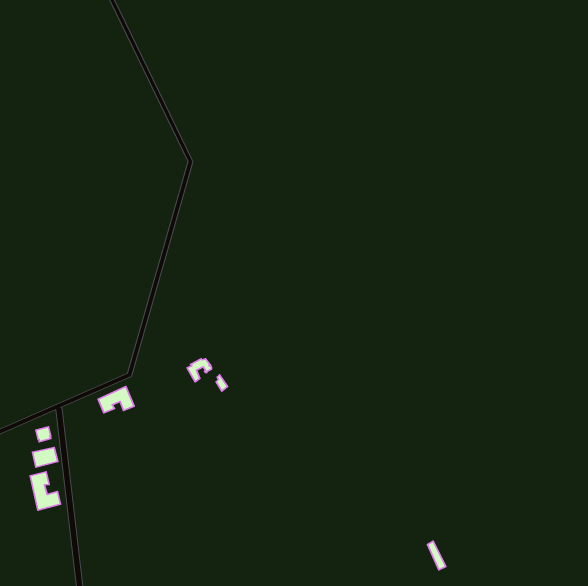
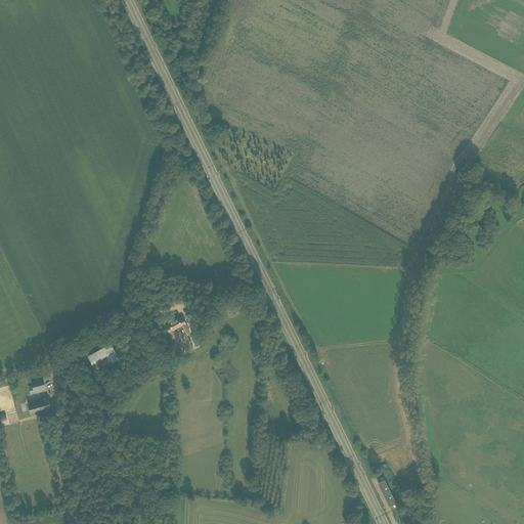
building: [30,472,60,510] -> none

